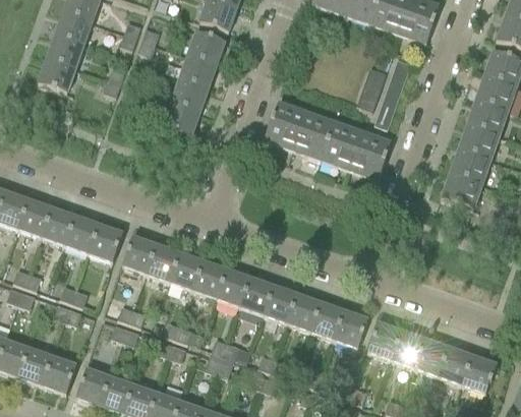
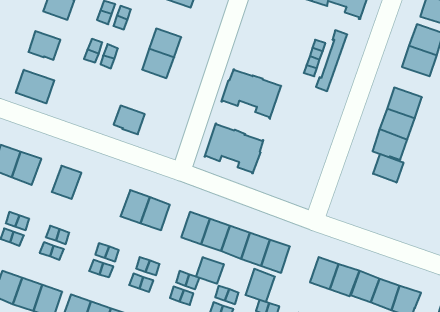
building: [187,31,225,65] -> none
building: [46,35,83,68] -> none
building: [466,100,508,135] -> none
building: [163,103,199,136] -> [114,106,145,134]
building: none -> [16,70,54,103]
building: [321,122,390,180] -> [204,124,263,173]
building: none -> [373,154,403,183]
building: [42,207,76,246] -> none
building: [89,224,123,262] -> none
building: [122,236,157,275] -> none
building: [193,261,227,299] -> none
building: [334,310,368,349] -> [245,269,275,302]
building: none -> [196,257,224,284]

